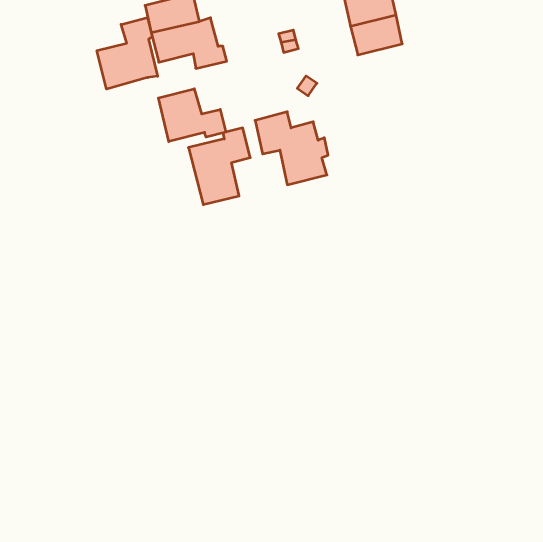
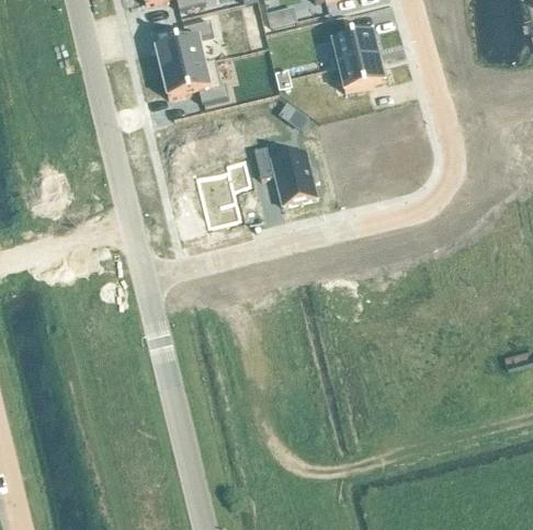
building: [97,17,158,89] -> none
building: [158,89,226,142] -> none

